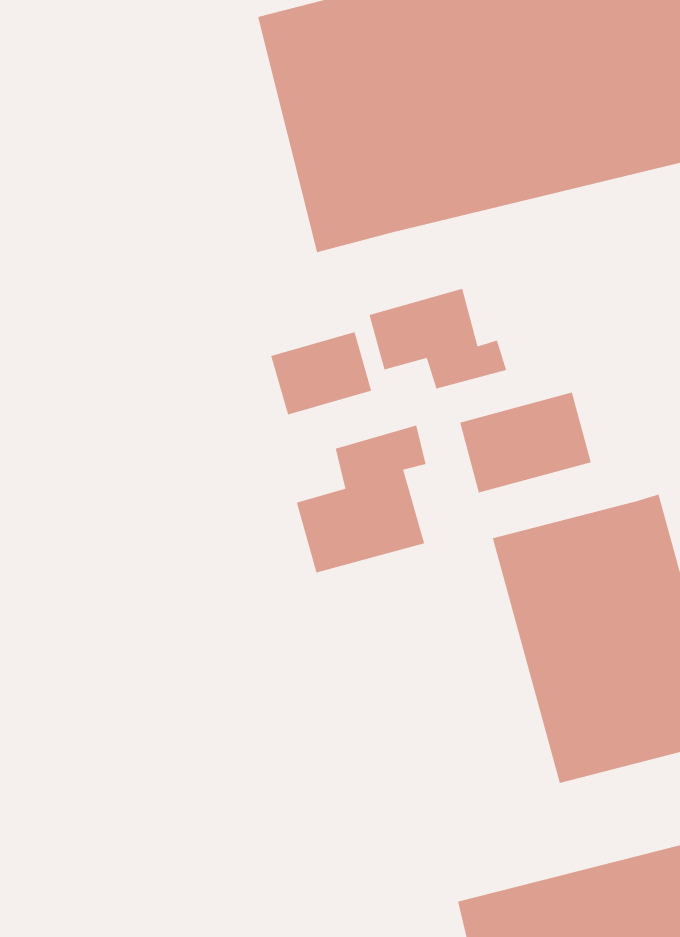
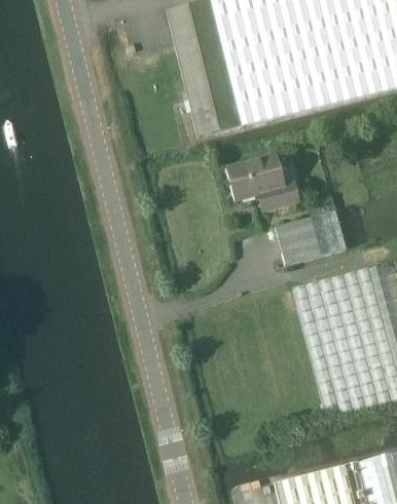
building: [270,331,372,415] -> none
building: [296,424,427,573] -> none

